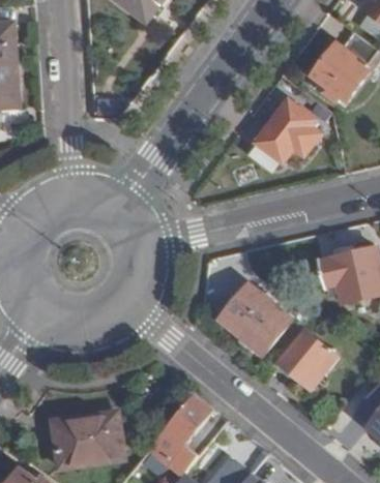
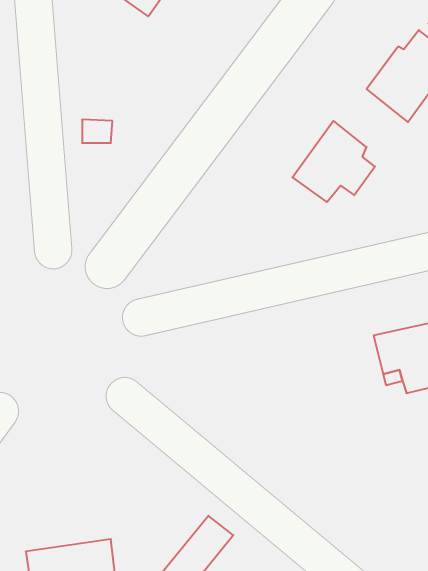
building: [220,283,291,354] -> none
building: [276,328,337,389] -> none

